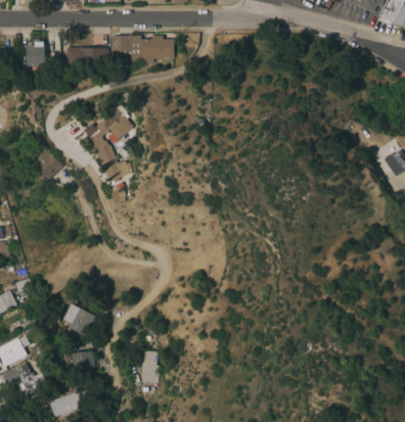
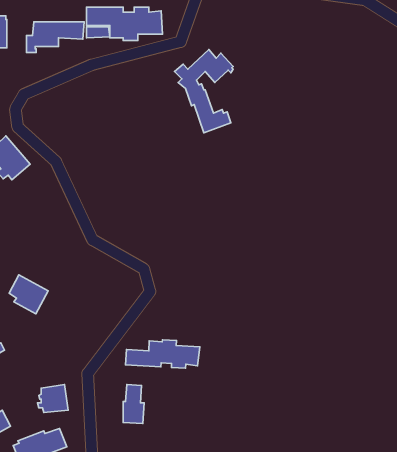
building: [84,111,133,181] -> [174,49,233,133]
building: [63,303,96,336] -> [9,275,48,314]
building: none -> [126,340,200,368]

